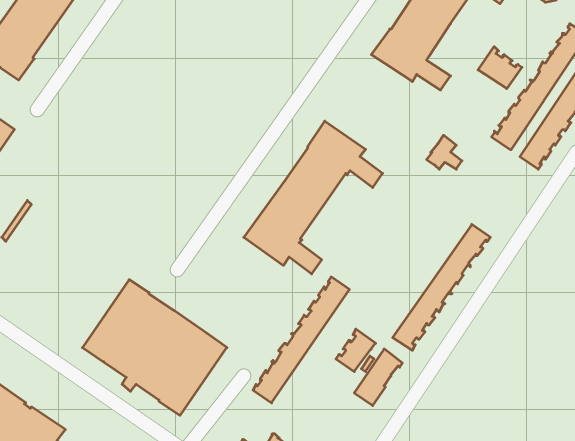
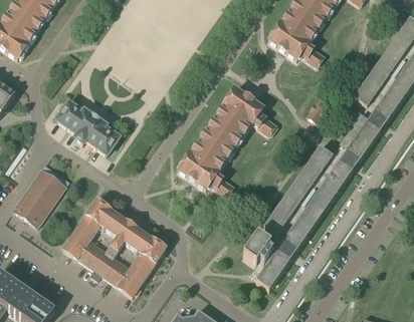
building: [478,47,522,89] -> none
building: none -> [55,101,119,154]
building: none -> [345,120,380,160]
building: none -> [12,164,68,227]
building: [253,277,349,403] -> [263,146,332,236]

